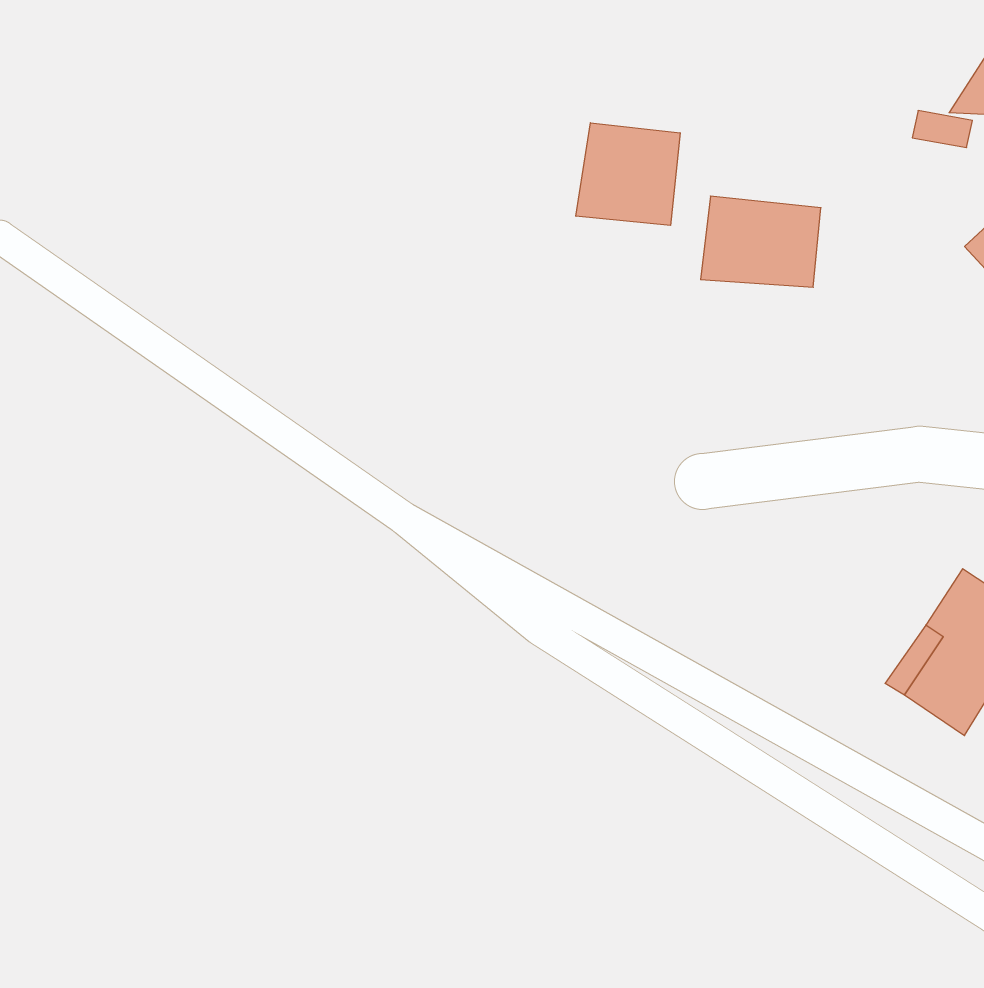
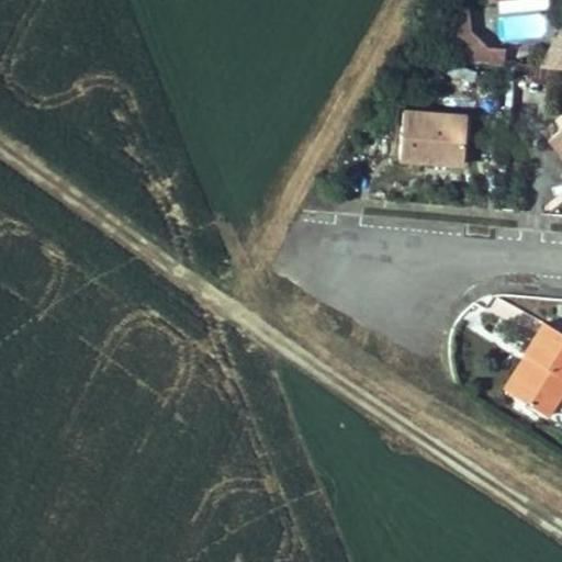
building: [576,123,680,225] -> none

